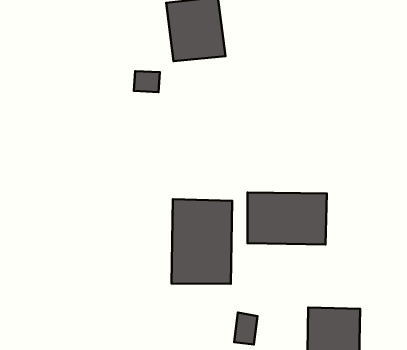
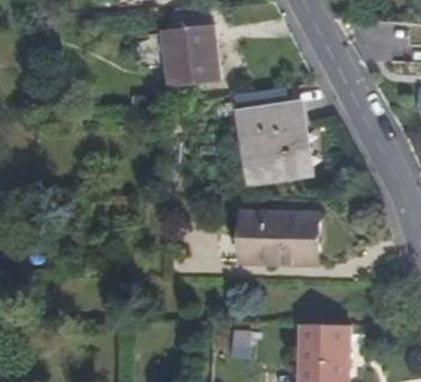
building: none -> [236,88,307,184]
building: [172,199,232,284] -> none

